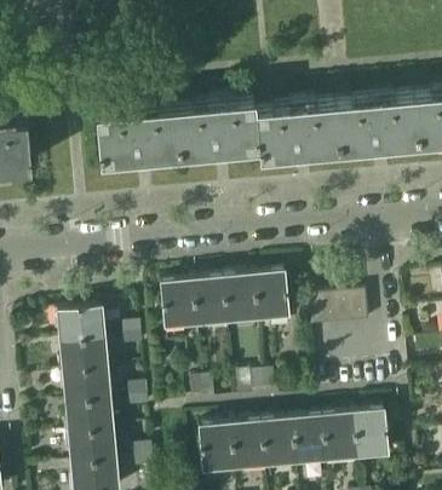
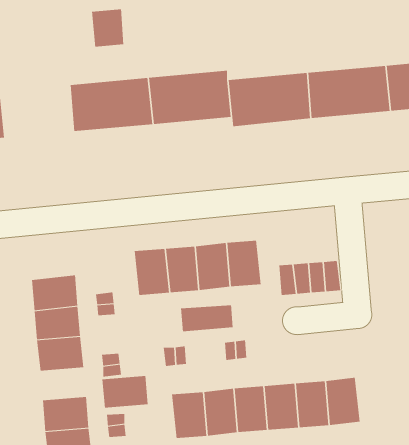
building: none -> [92,9,124,47]
building: none -> [180,305,233,332]
building: [67,399,114,432] -> [102,376,149,408]

